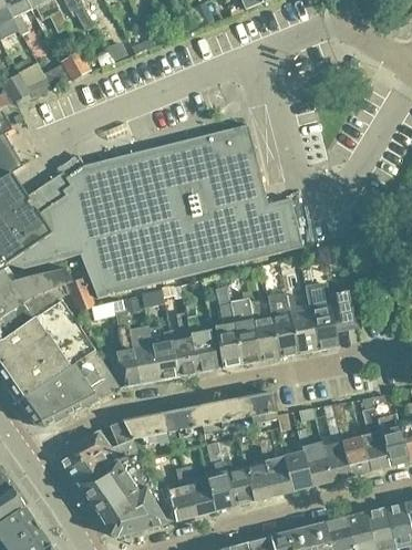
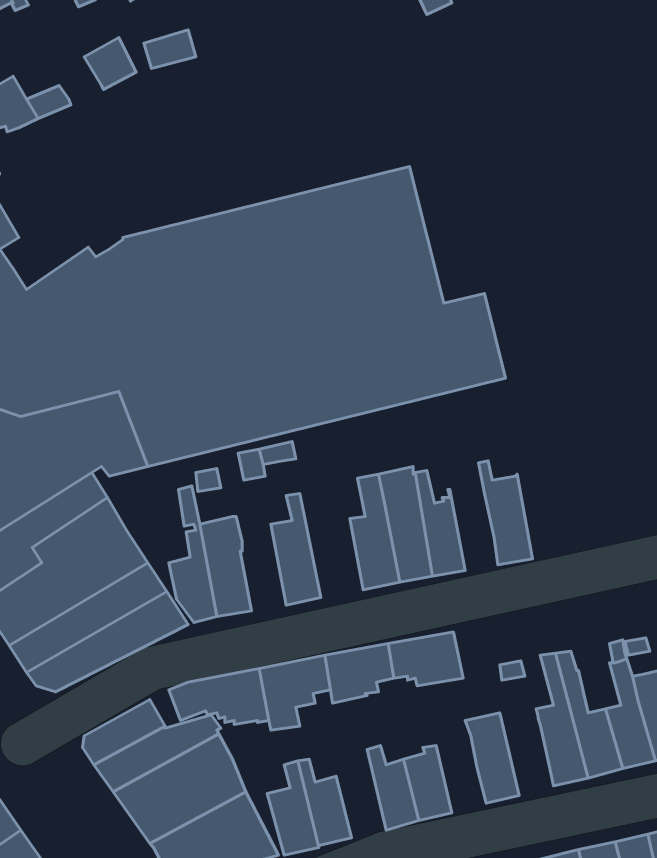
building: [305,282,358,350] -> none
building: [267,291,298,356] -> none
building: [184,302,216,372] -> none
building: [150,330,176,380] -> none
building: [297,428,330,486] -> none
building: [258,438,291,496] -> none
building: [204,440,234,510] -> none

